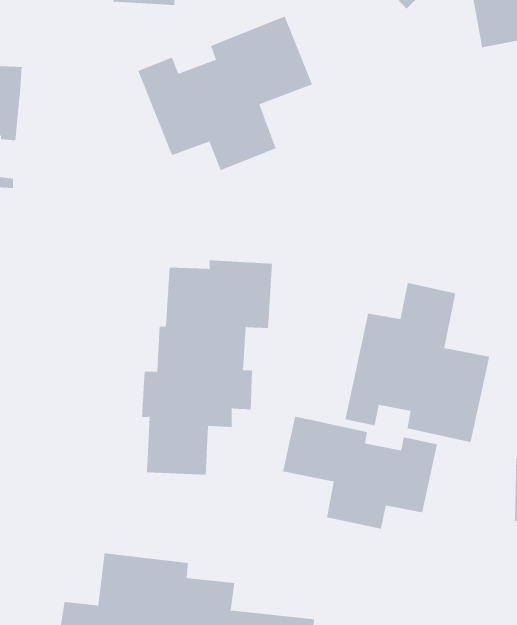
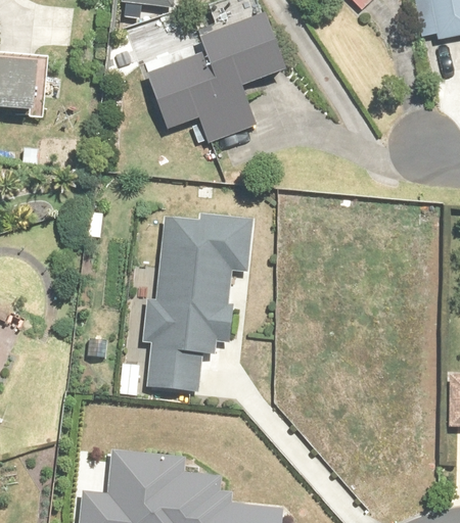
building: [345,282,490,443] -> none
building: [282,416,437,530] -> none

